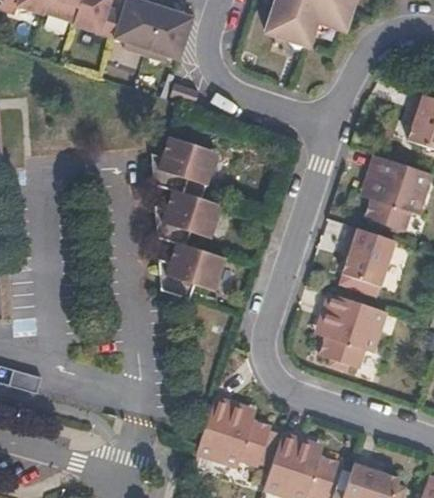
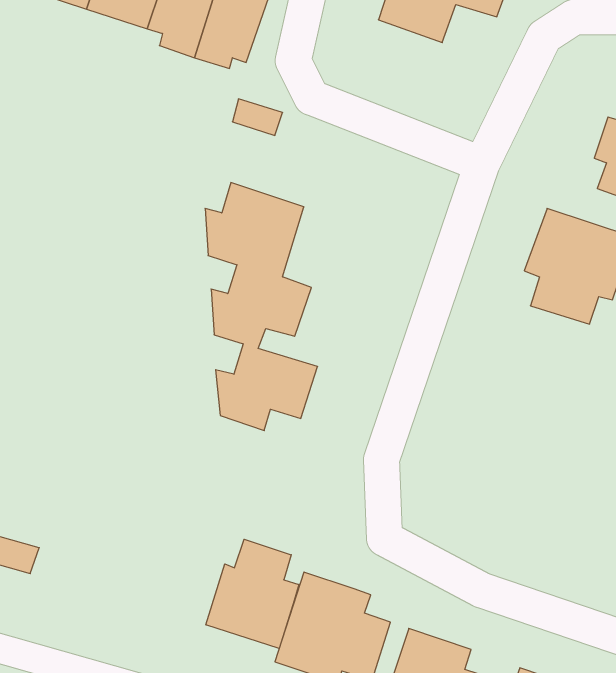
building: [340,226,394,298] -> none
building: [314,293,385,369] -> none
building: none -> [206,539,299,649]

